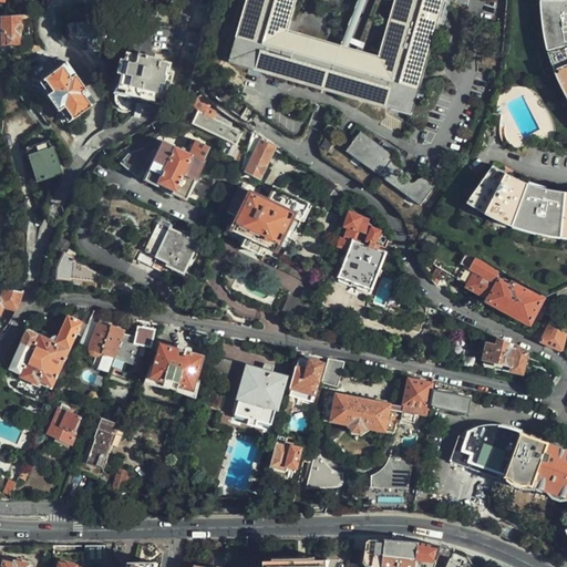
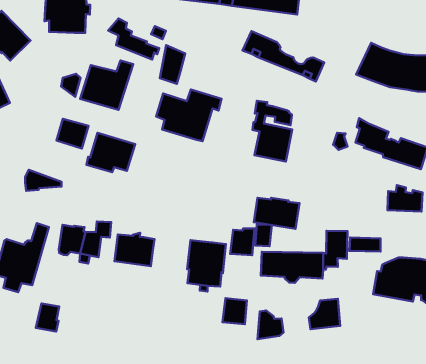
building: none -> [57,119,88,149]
building: none -> [254,198,300,229]
building: [82,417,118,470] -> none

